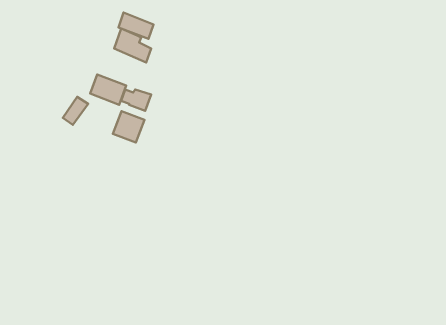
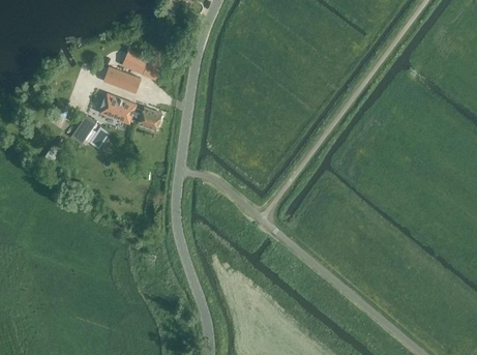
building: [118,13,153,39] -> [103,66,140,93]
building: [113,111,145,142] -> none

